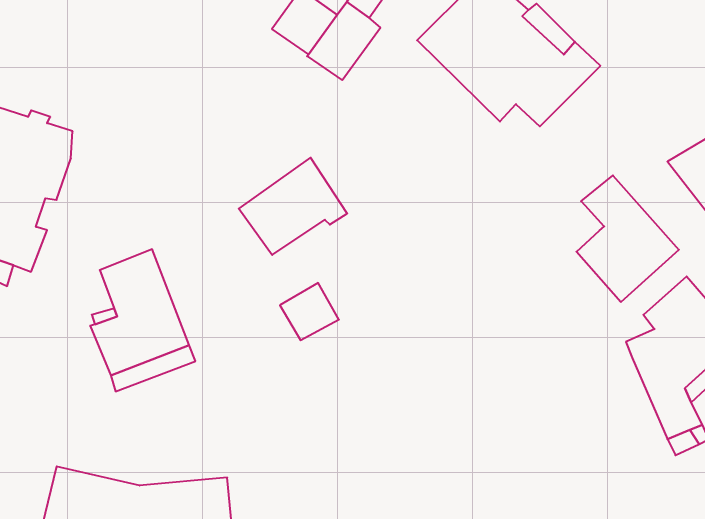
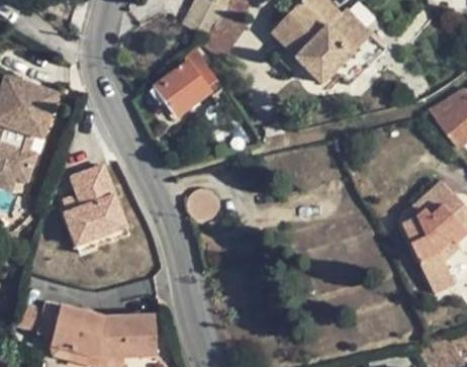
building: [239,158,347,255] -> [156,54,224,115]
building: [576,175,679,302] -> none

